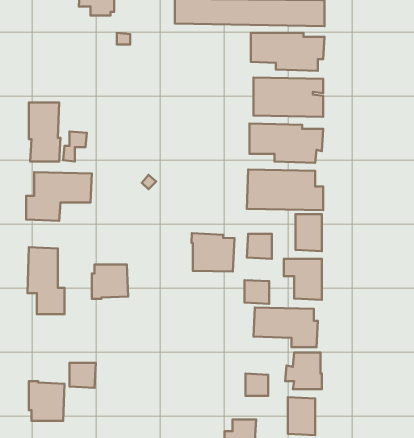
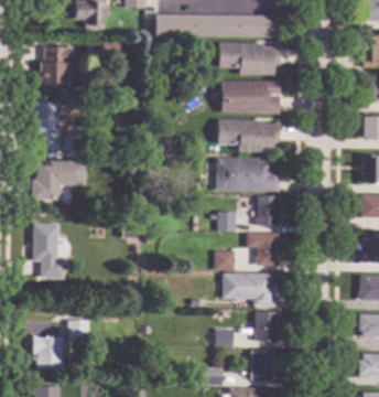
building: none -> [39,46,74,95]
building: [191,233,234,271] -> none
building: [92,264,128,299] -> none

